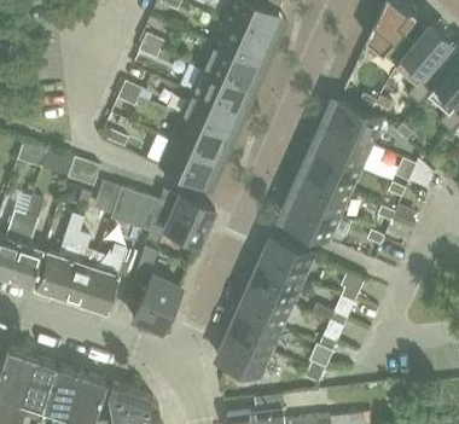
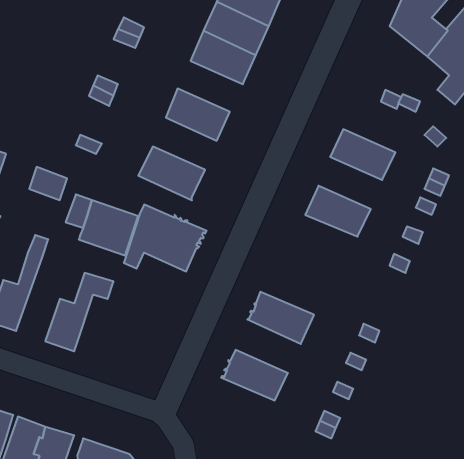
building: [191,69,245,111] -> none
building: [329,100,383,145] -> none
building: [170,116,223,159] -> none
building: [308,149,361,192] -> none
building: [285,197,341,240] -> none
building: [57,232,97,302] -> none
building: [260,236,315,280] -> none
building: [128,267,179,331] -> none
building: [239,284,294,329] -> none
building: [217,332,272,378] -> none

